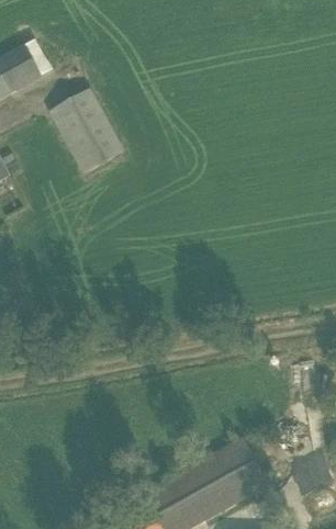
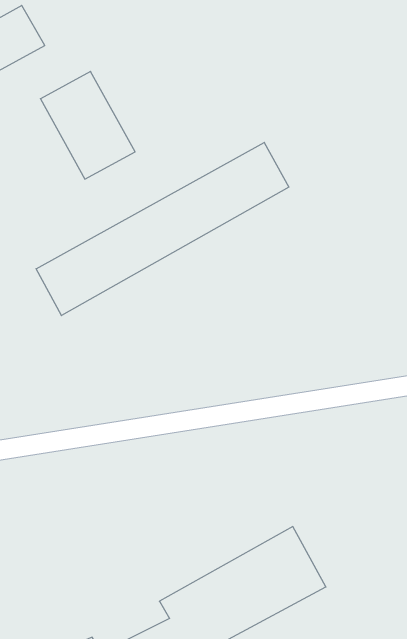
building: none -> [36,142,289,316]

